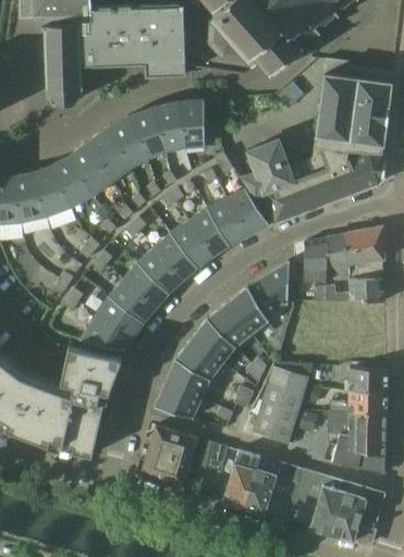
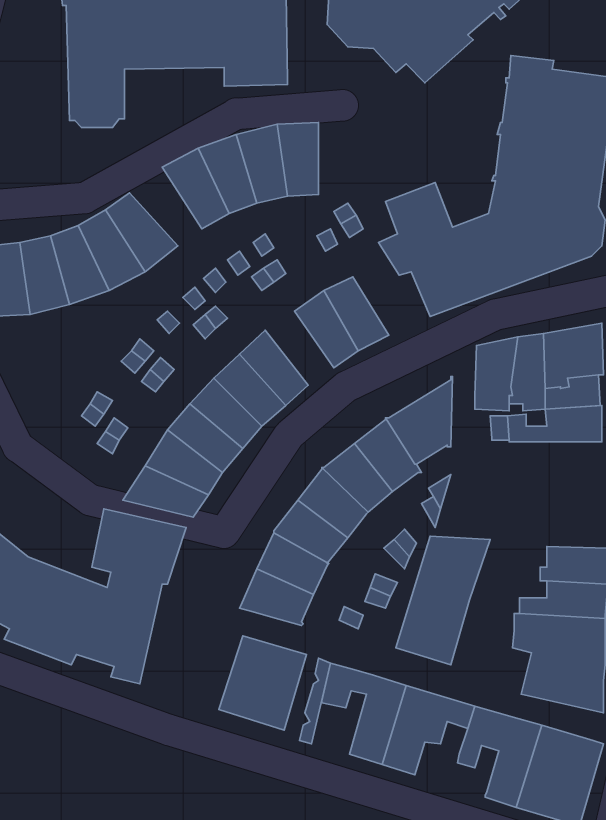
building: [84,128,130,178] -> none
building: [225,188,269,235] -> none
building: [170,220,213,267] -> none

